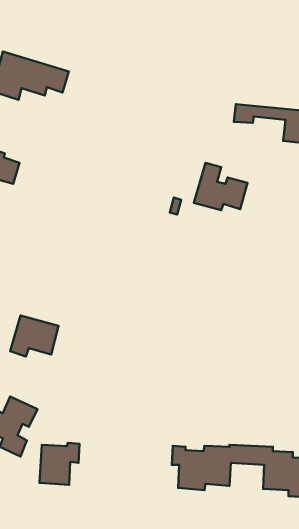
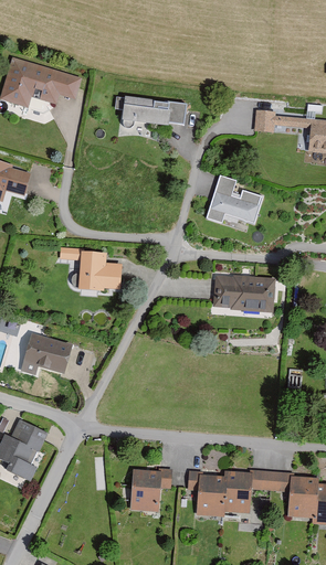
building: none -> [120,98,186,126]
building: none -> [59,247,117,291]
building: none -> [212,274,275,312]
building: [40,443,80,485] -> [129,468,171,512]

